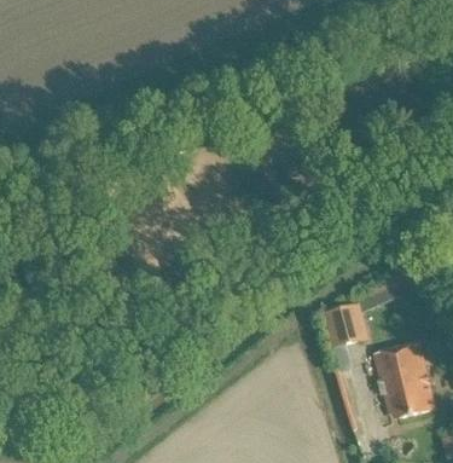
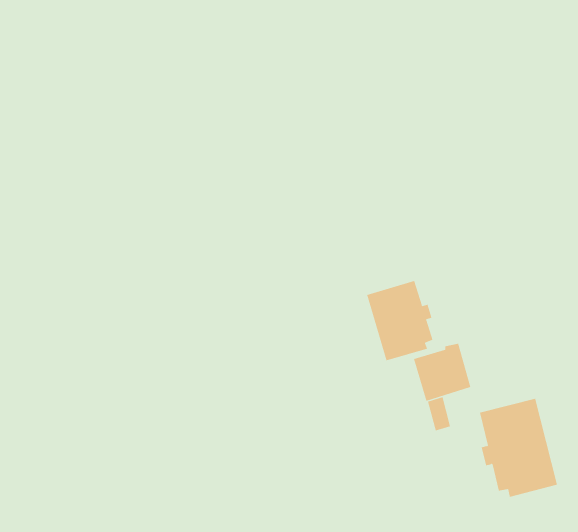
building: none -> [367,280,433,361]

